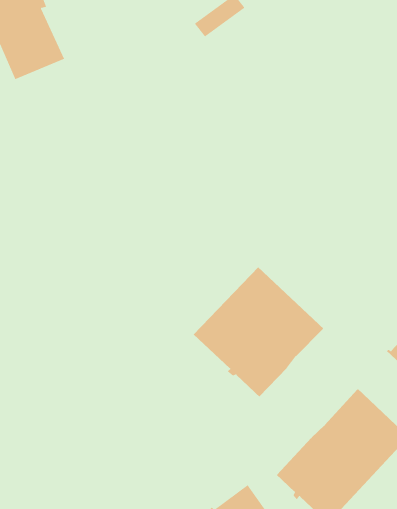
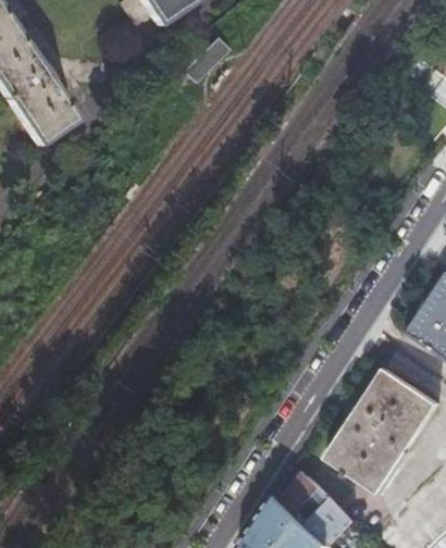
building: [193,266,325,398] -> none

